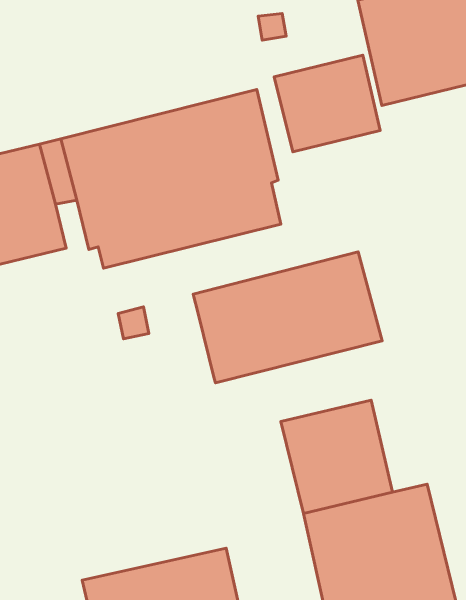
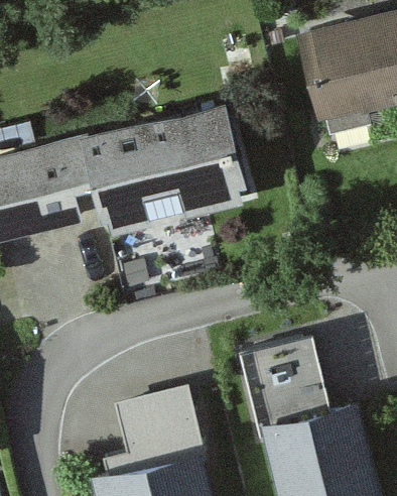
building: [274,55,380,152] -> none
building: [193,252,382,383] -> none
building: none -> [114,386,202,464]

